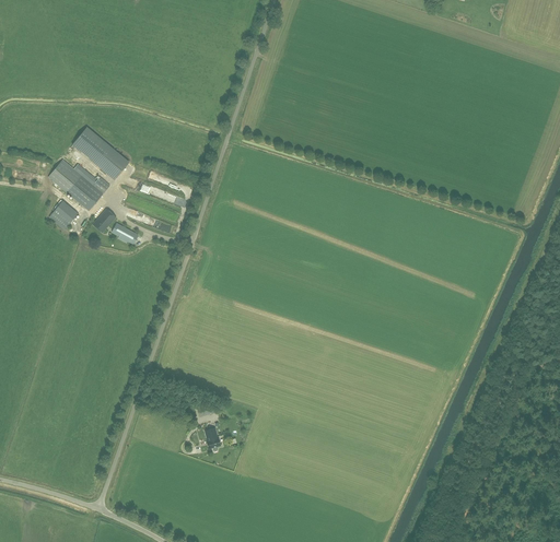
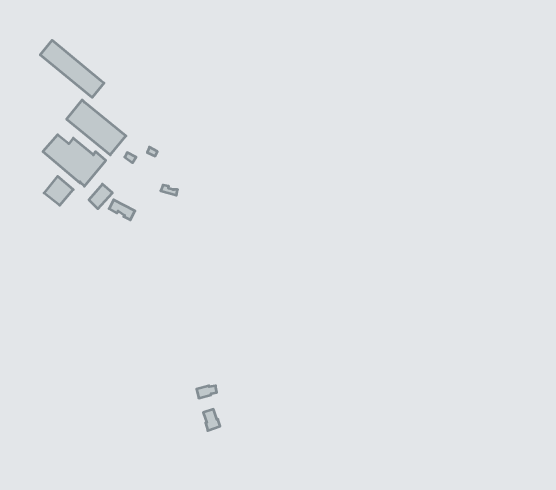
building: none -> [40,40,104,97]

